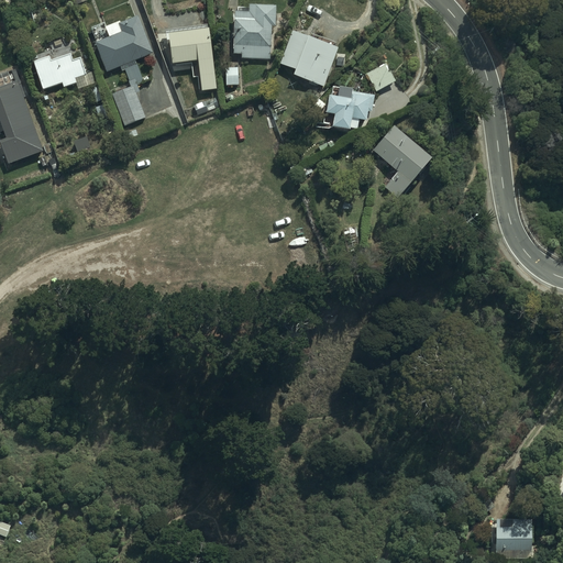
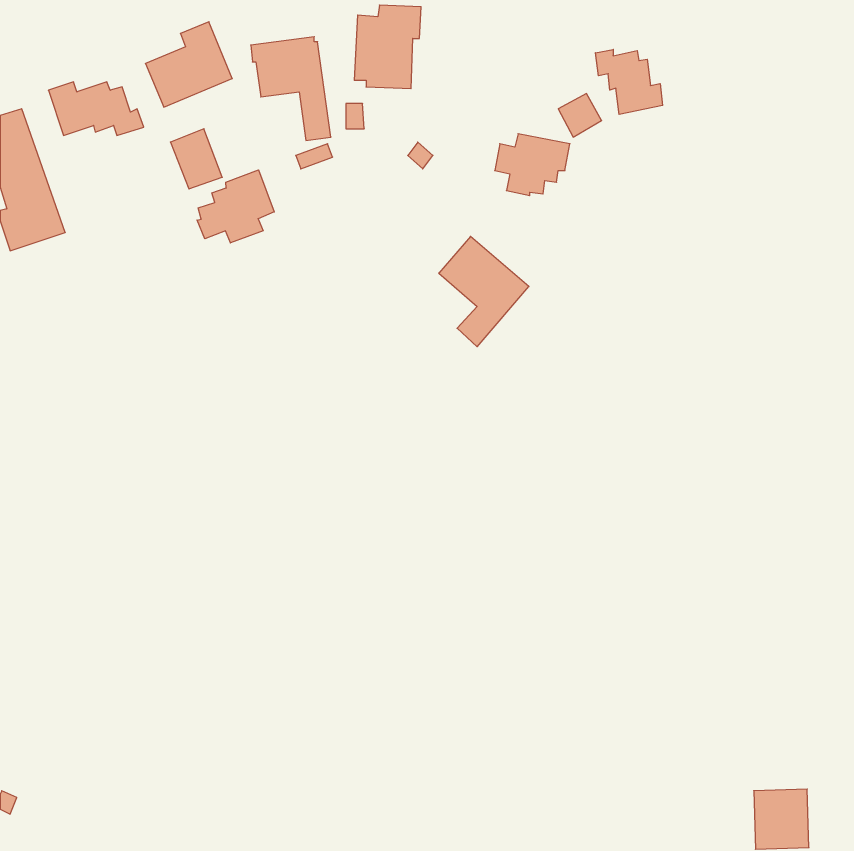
building: [280,30,338,86] -> none
building: none -> [595,49,663,114]
building: none -> [197,170,274,243]
building: [373,125,432,198] -> [439,236,529,347]

